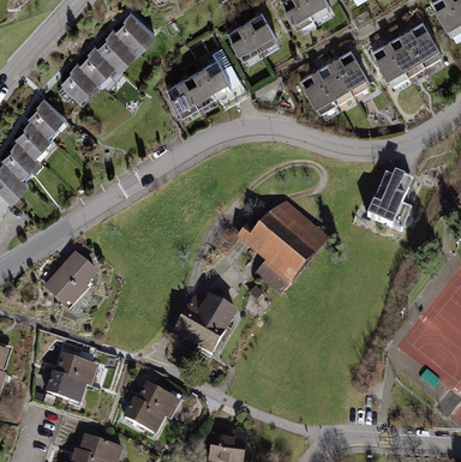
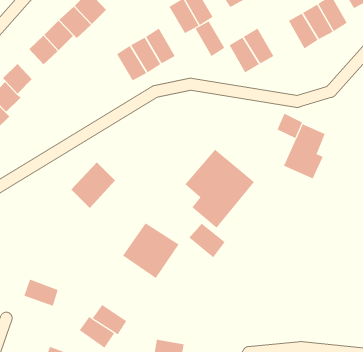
building: [334,47,370,90] -> [195,20,225,57]
building: none -> [277,113,303,139]
building: [43,253,97,310] -> [71,161,116,209]
building: none -> [189,223,226,258]
building: [43,374,85,406] -> none

